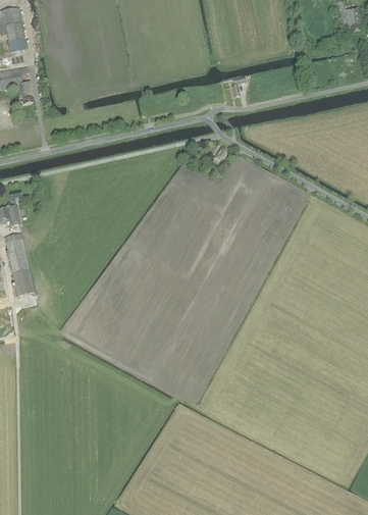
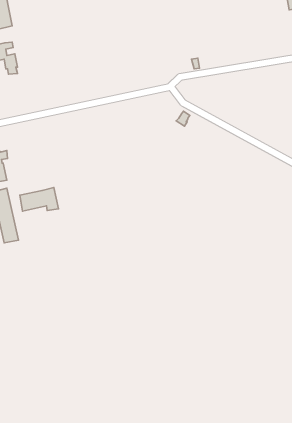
building: none -> [20,187,59,211]

